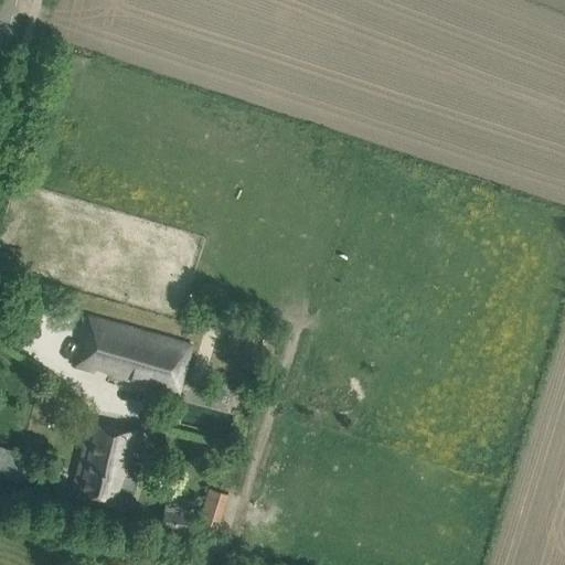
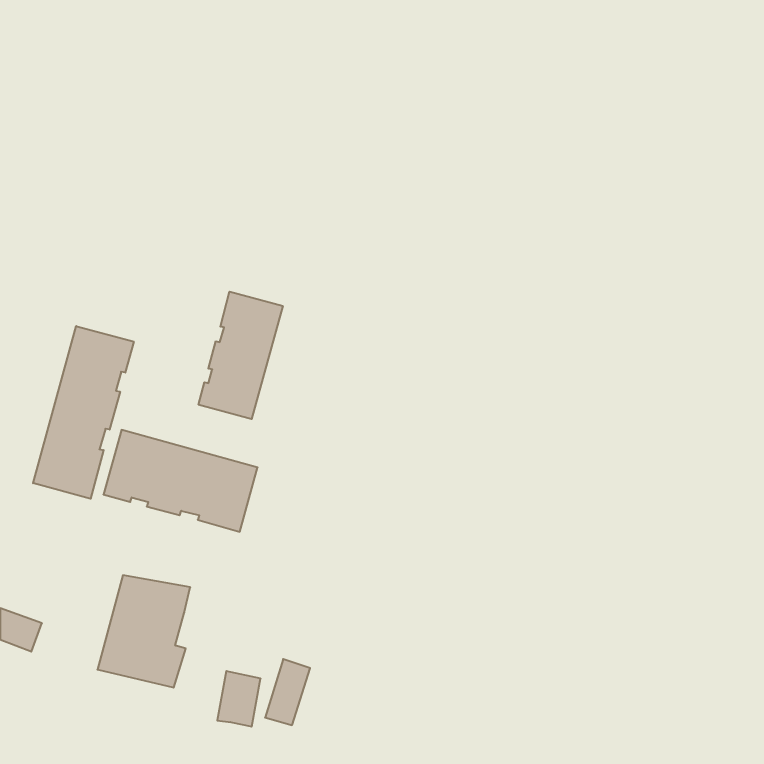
building: none -> [199,292,283,419]
building: none -> [33,326,134,499]

